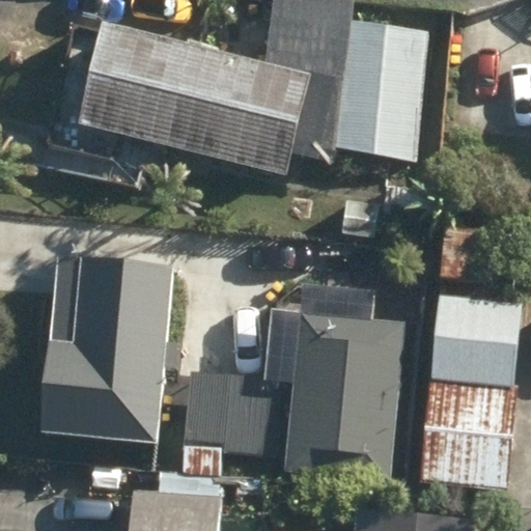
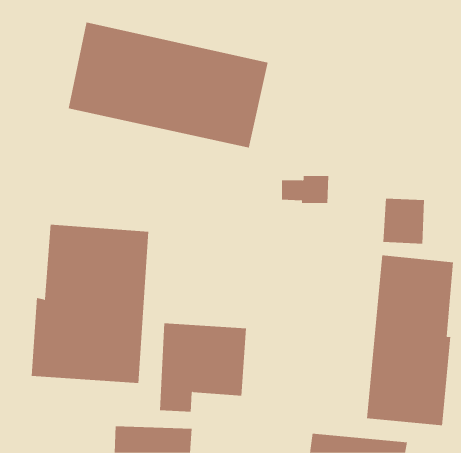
building: [315,20,427,158] -> none
building: [285,312,402,479] -> none

